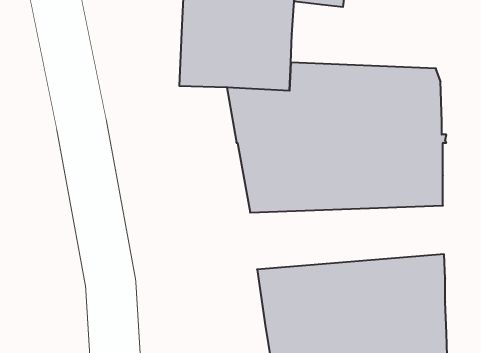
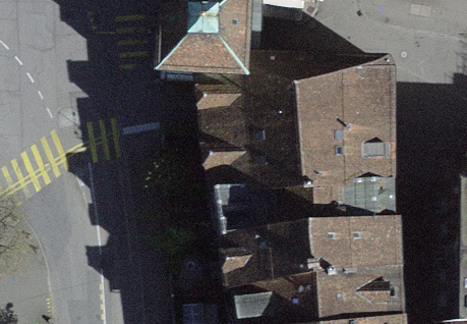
building: none -> [224,187,397,244]

